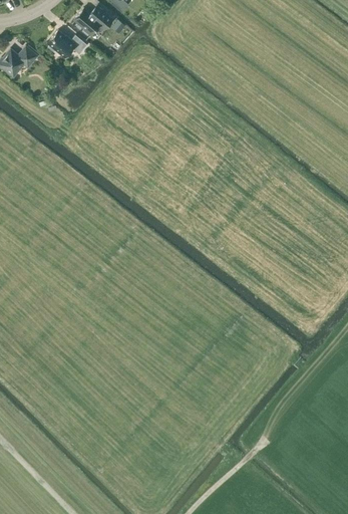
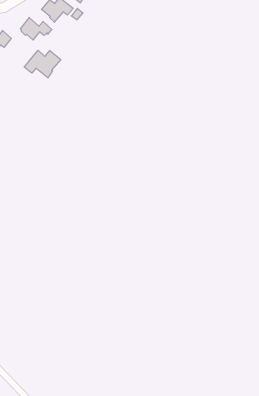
building: none -> [24,50,61,78]

